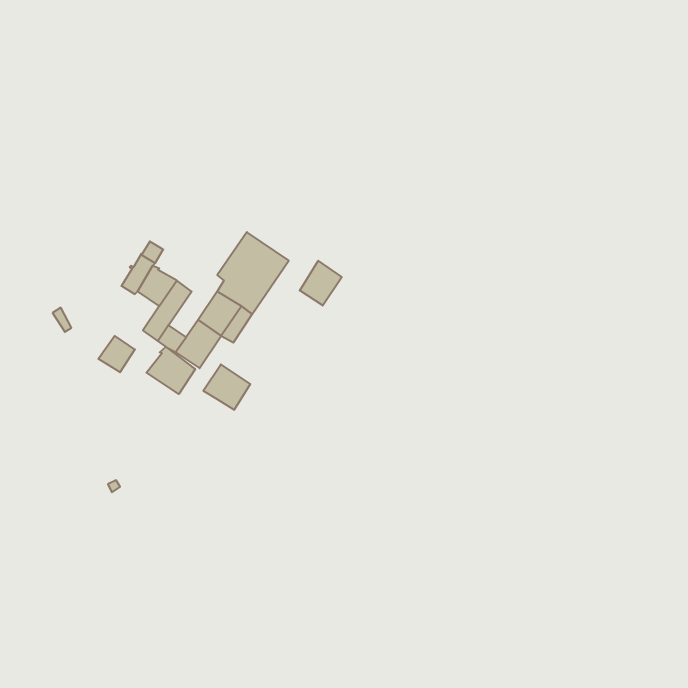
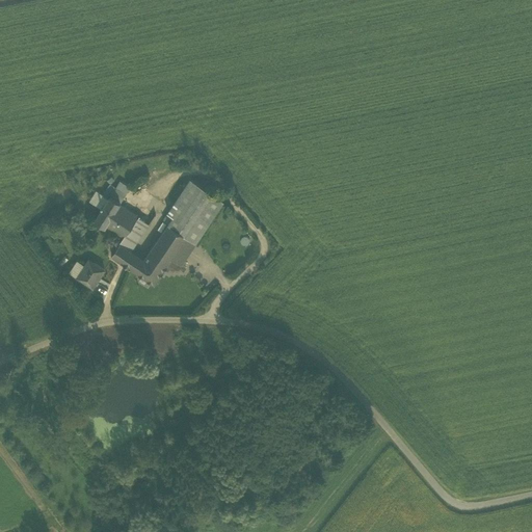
building: [300,261,342,306] -> none
building: [146,347,195,394] -> none
building: [203,364,250,410] -> none

